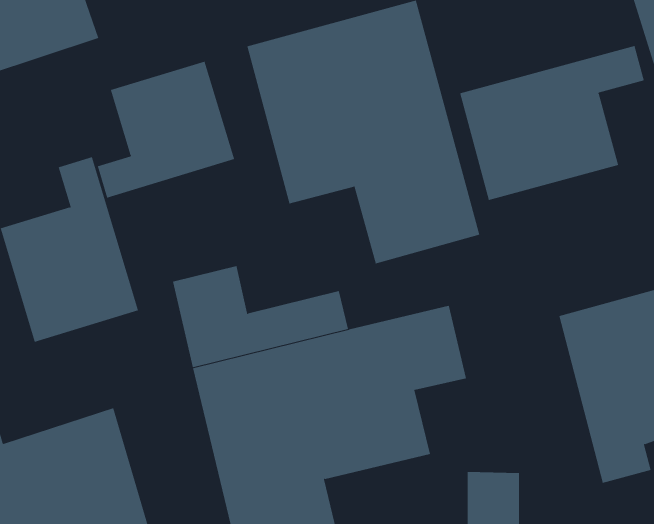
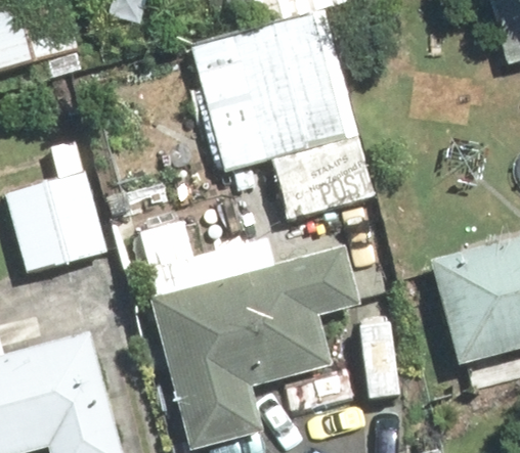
building: [459,45,644,201] -> none
building: [97,61,235,198] -> none

